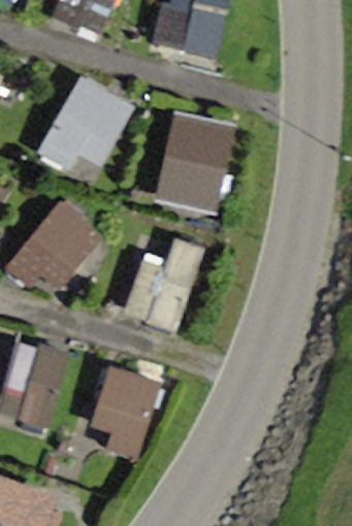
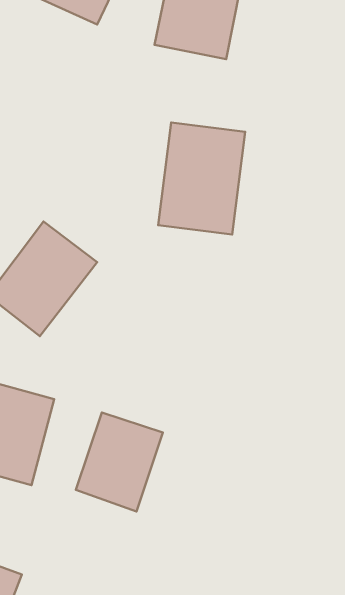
building: [37,75,132,185] -> none
building: [129,233,202,331] -> none

